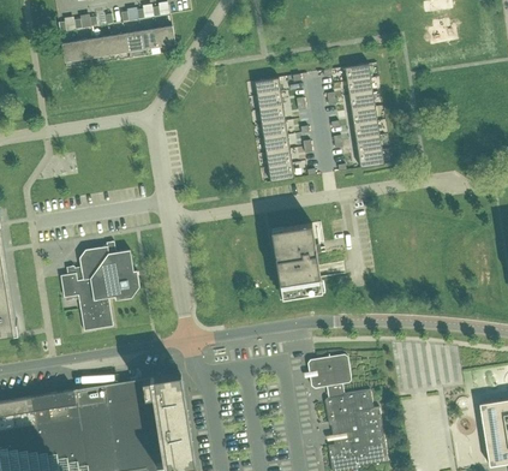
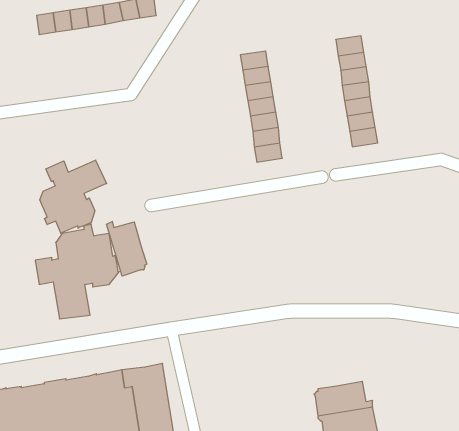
building: none -> [40,160,107,233]
building: [270,222,322,297] -> none
building: none -> [106,221,147,276]
building: [306,353,349,395] -> none

